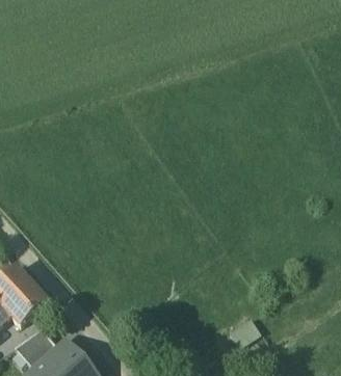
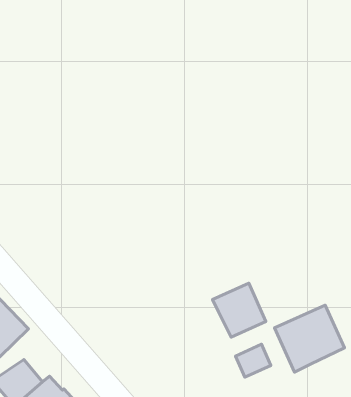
building: none -> [213,283,266,337]
building: none -> [274,305,344,372]

